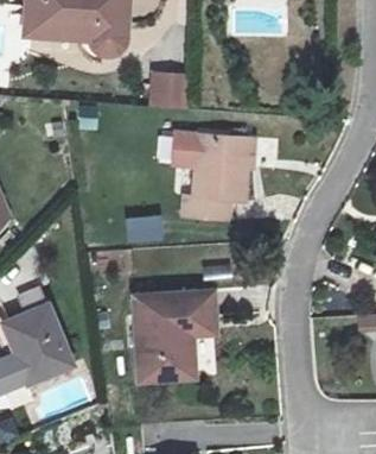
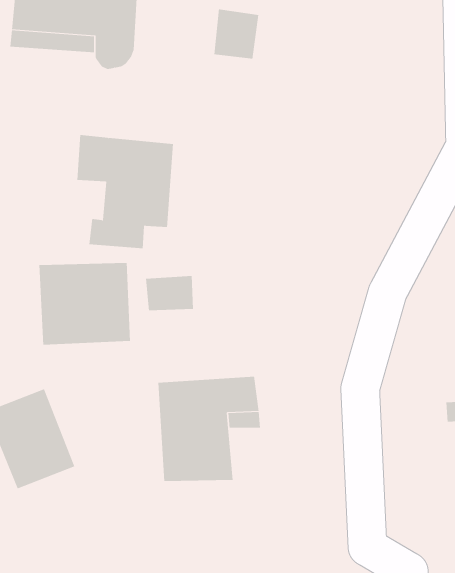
building: [151,70,186,109] -> [214,9,259,59]
building: [171,132,247,221] -> [76,135,174,249]
building: none -> [39,262,131,345]

